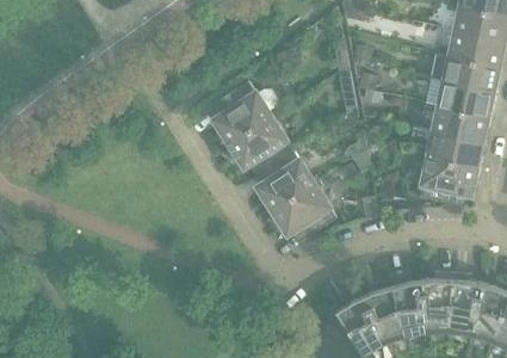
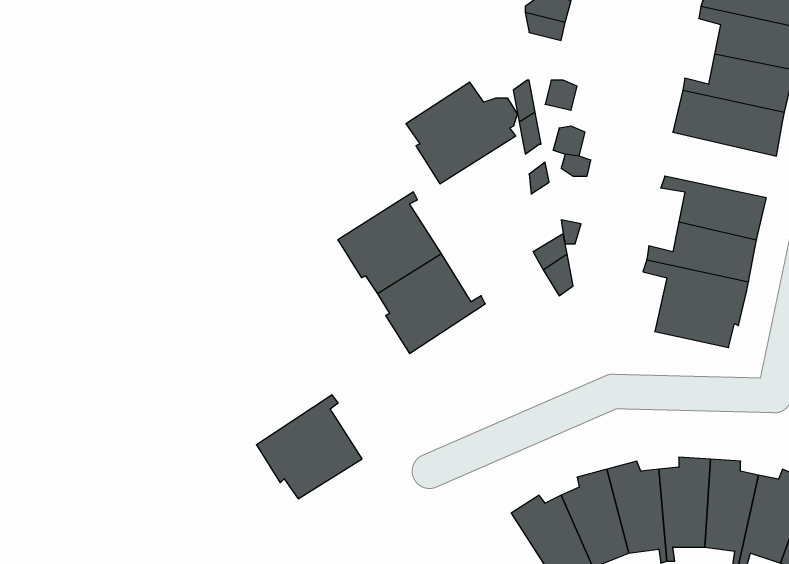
building: [425,81,491,121] -> none
building: [209,85,276,146] -> [406,82,518,184]
building: [272,184,335,246] -> [256,395,362,499]

